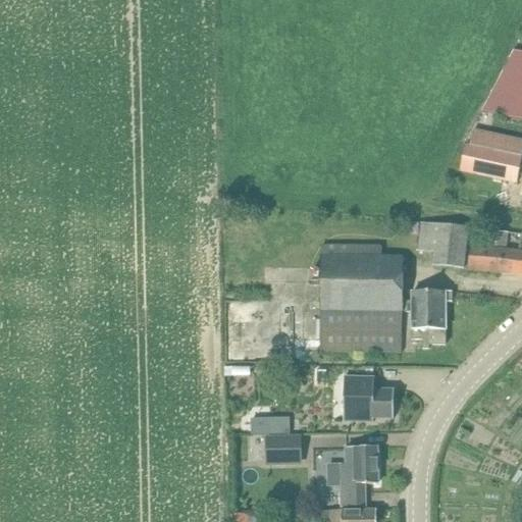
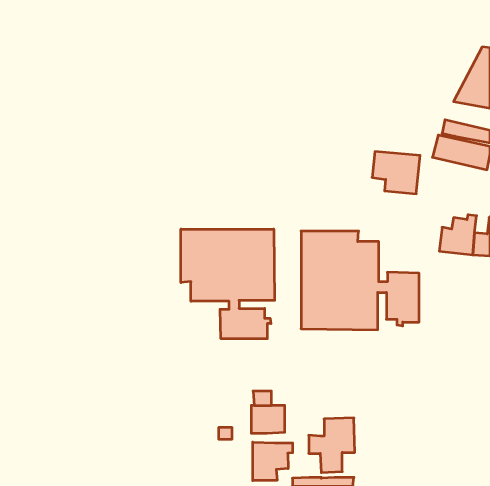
building: [418,220,469,265] -> [372,152,420,194]
building: none -> [181,229,275,339]
building: [344,373,395,418] -> none
building: none -> [253,442,293,481]

